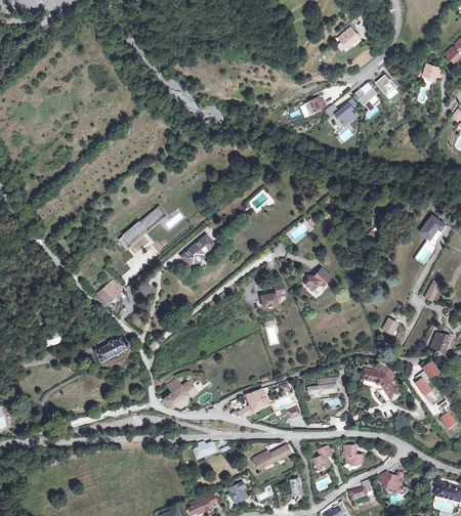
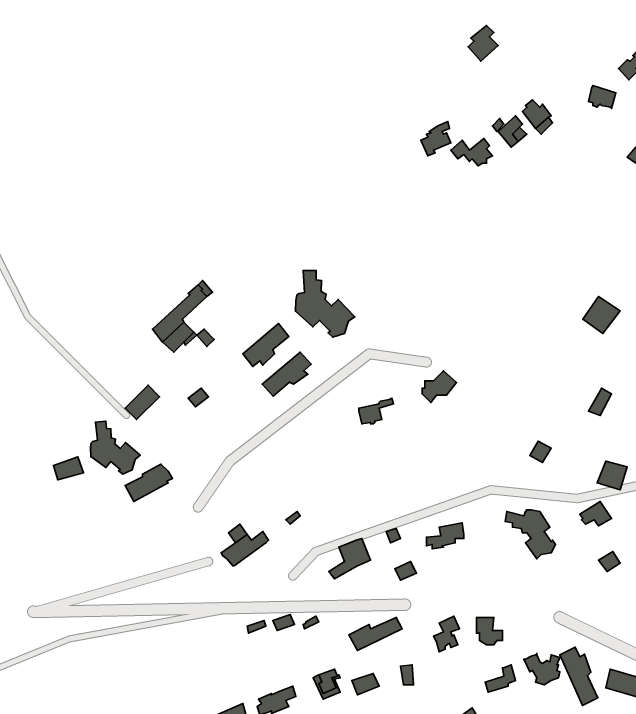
building: none -> [296,270,355,337]
building: none -> [262,352,311,396]
building: none -> [91,421,140,474]
building: none -> [560,647,598,706]

